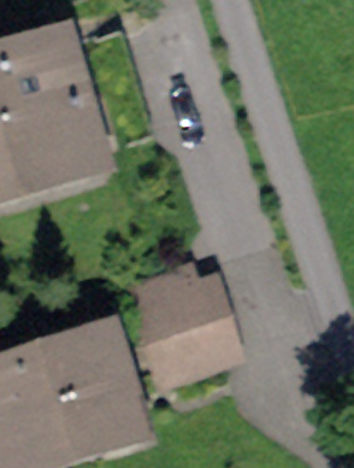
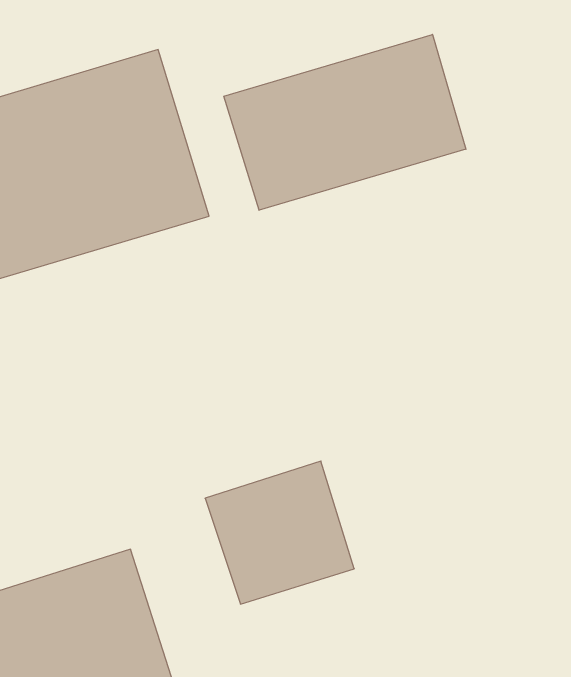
building: none -> [224,34,466,210]

